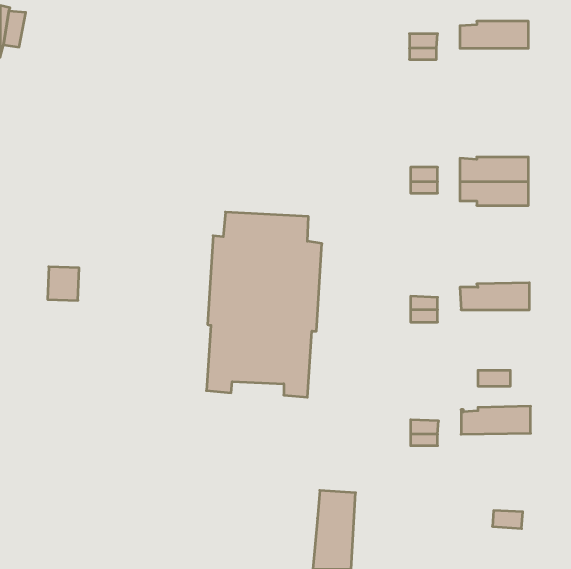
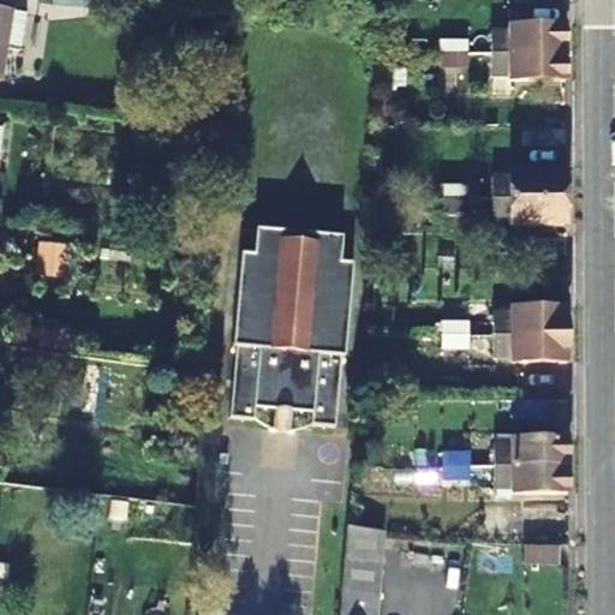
building: none -> [495,52,568,90]
building: [48,267,79,300] -> [36,238,70,274]
building: none -> [496,332,569,359]
building: none -> [496,464,571,490]

